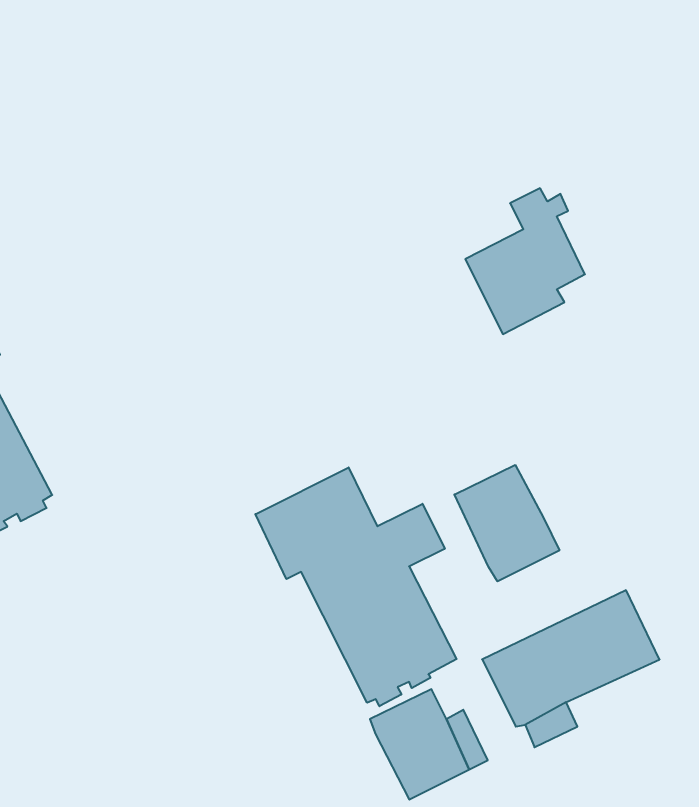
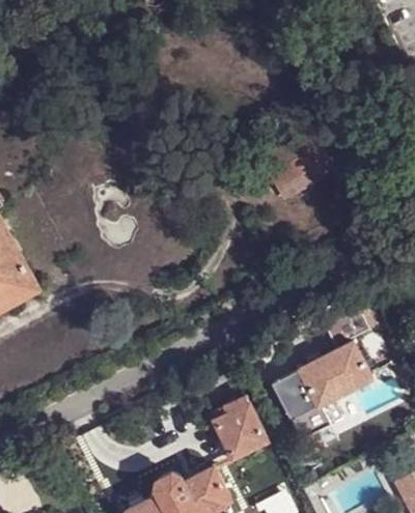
building: [454,465,559,581] -> none
building: [255,467,457,706] -> none

